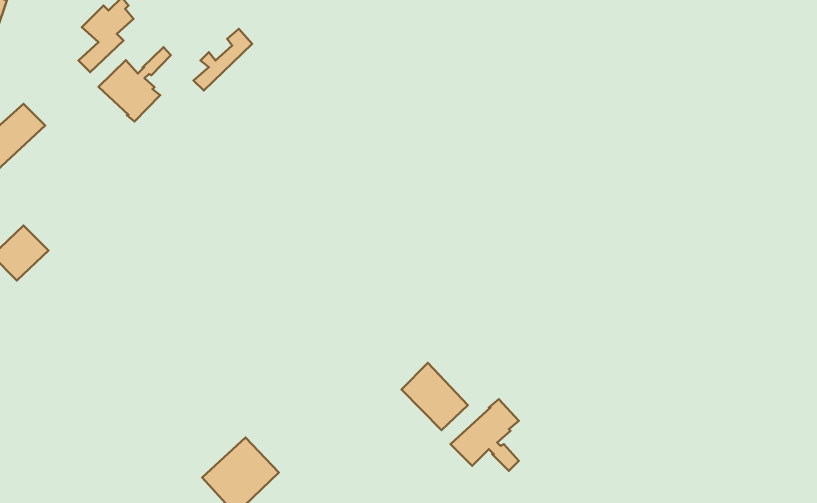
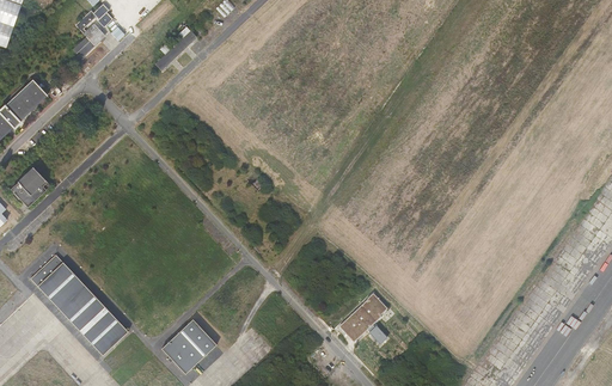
building: [98,47,171,121] -> none
building: none -> [29,255,126,354]
building: [402,363,468,430] -> none

